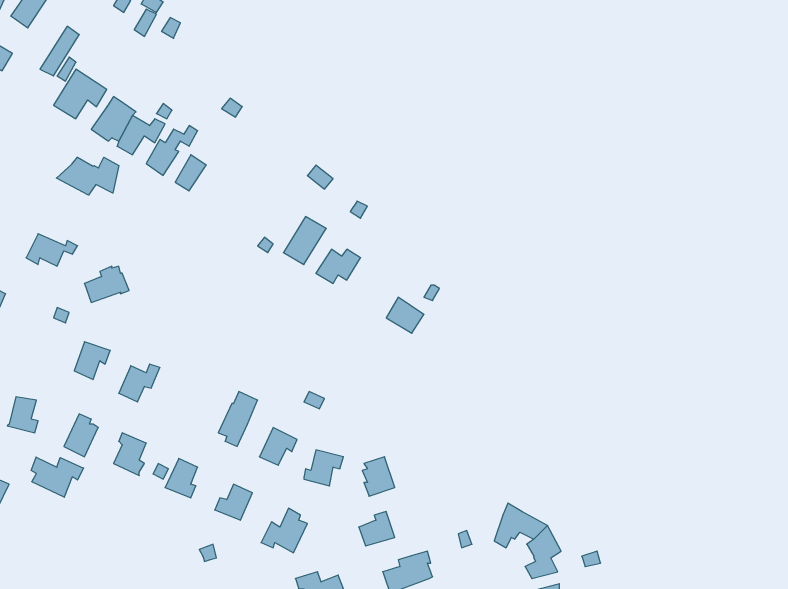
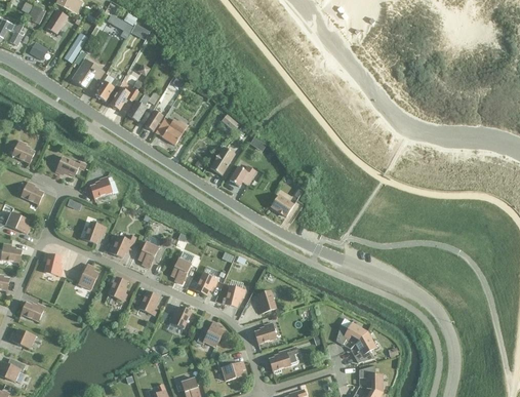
building: [56,157,119,195] -> none
building: none -> [154,118,185,144]
building: none -> [136,241,164,267]
building: [31,457,84,497] -> none

